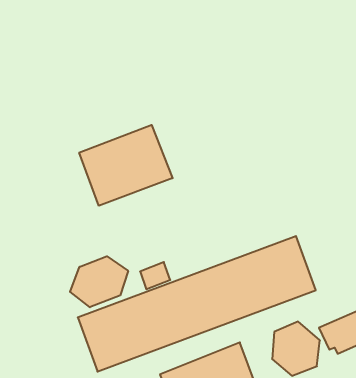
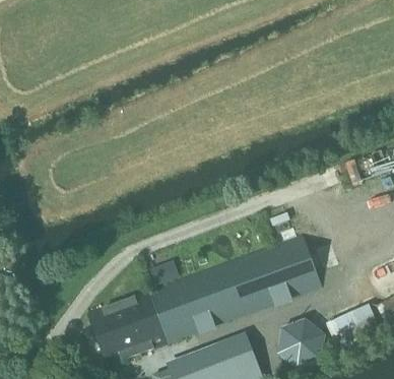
building: [79,125,173,206] -> none
building: [70,256,128,307] -> none

